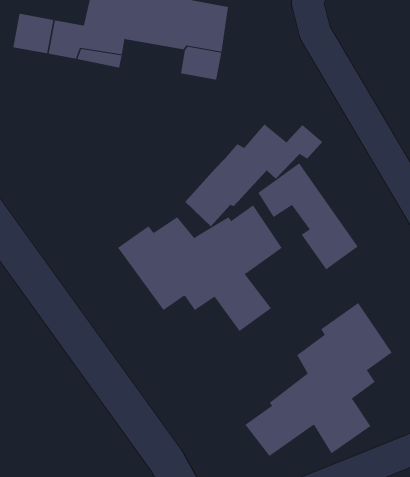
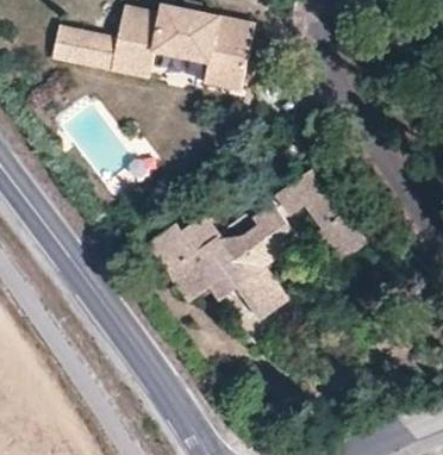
building: [185,123,323,227] -> none
building: [245,302,393,457] -> none

